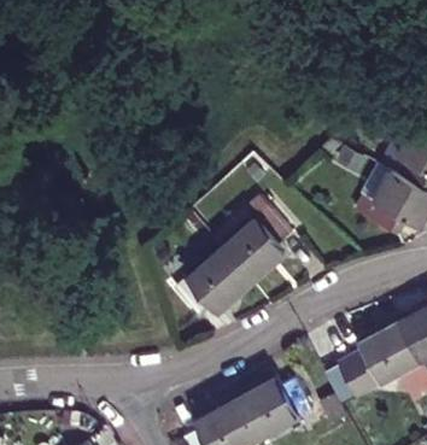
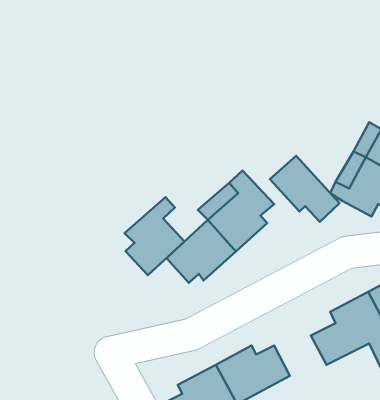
building: none -> [270,156,339,222]
building: none -> [125,197,185,275]

